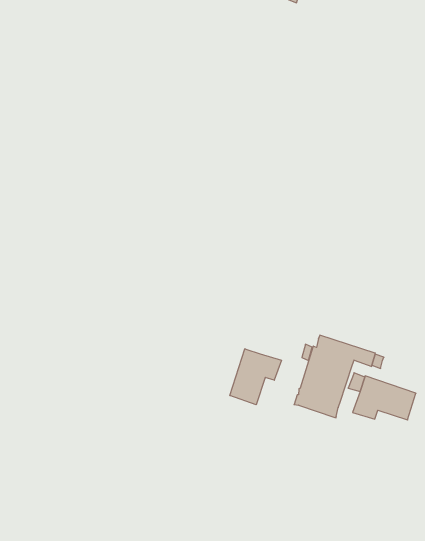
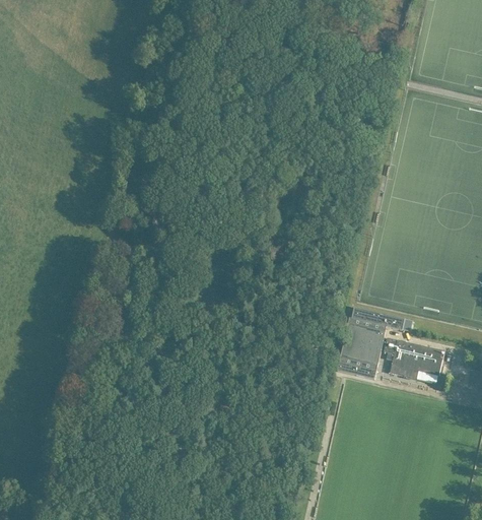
building: [230,349,281,405] -> none

